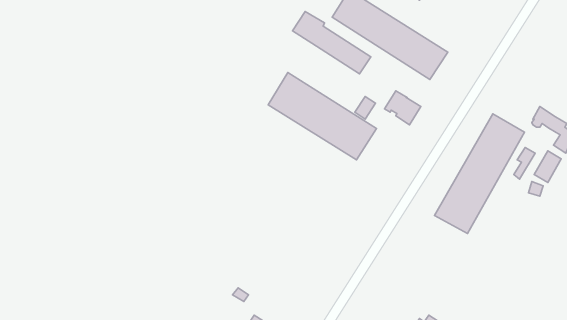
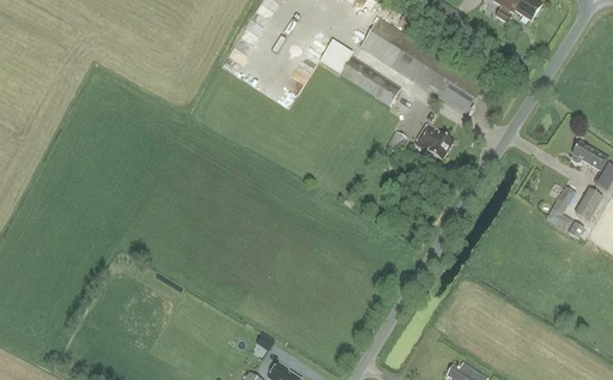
building: [268,72,377,160] -> none
building: [435,114,525,234] -> none

